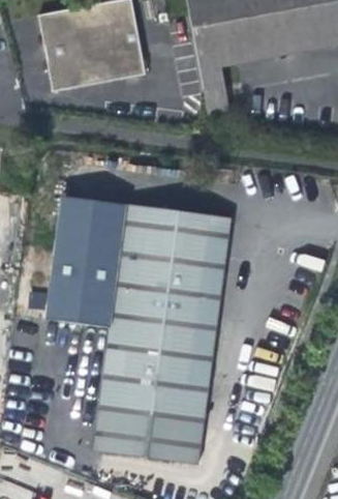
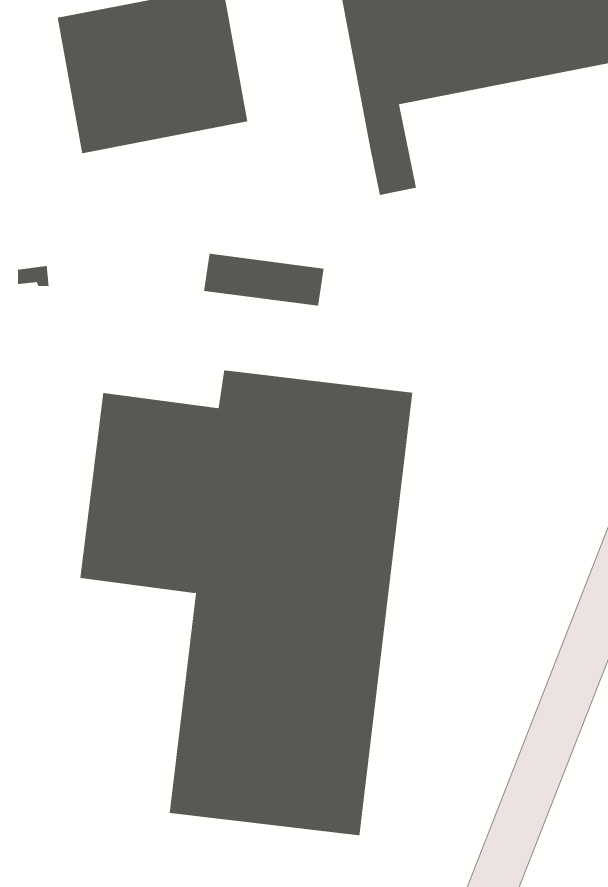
building: [59,200,125,229] -> [203,253,324,306]

